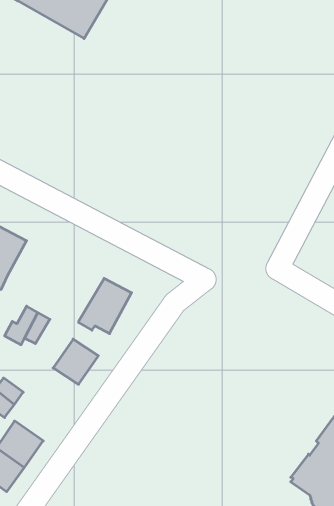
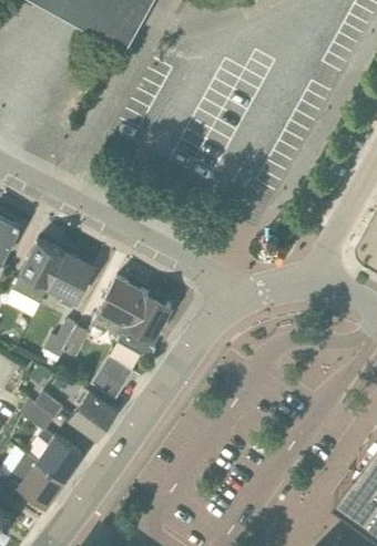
building: none -> [48,255,94,303]
building: none -> [93,278,144,336]
building: none -> [70,392,118,439]

